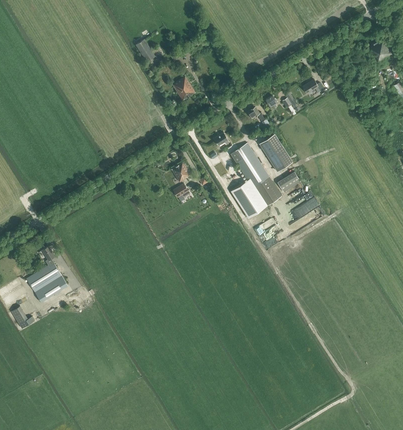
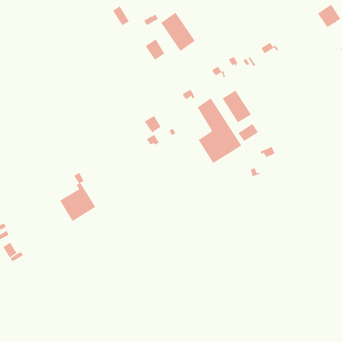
building: none -> [160,12,196,52]
building: [25,246,67,302] -> [59,172,96,222]

